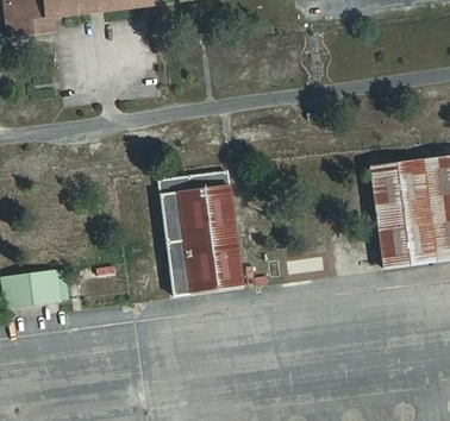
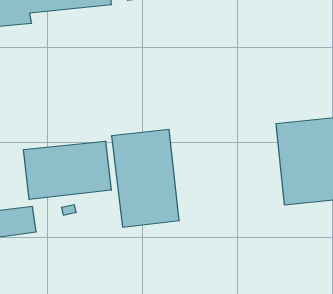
building: none -> [24,141,111,200]

